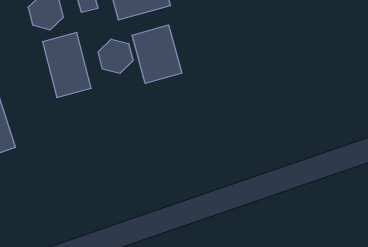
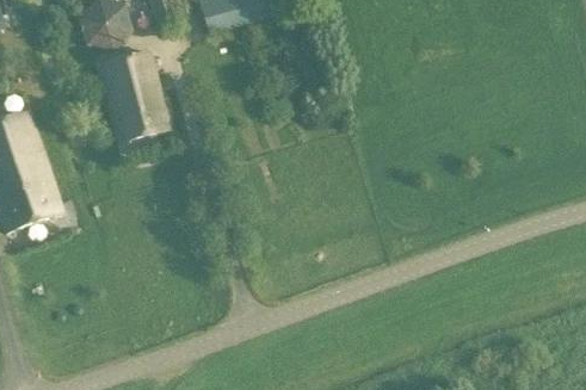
building: [132,25,182,83] -> none
building: [98,39,133,73] -> none

